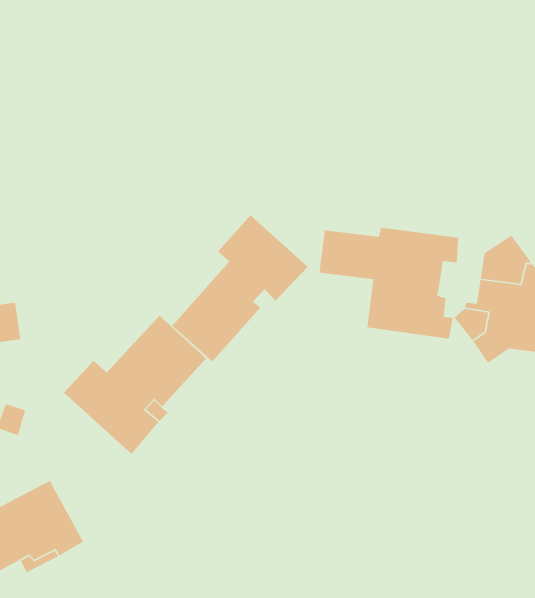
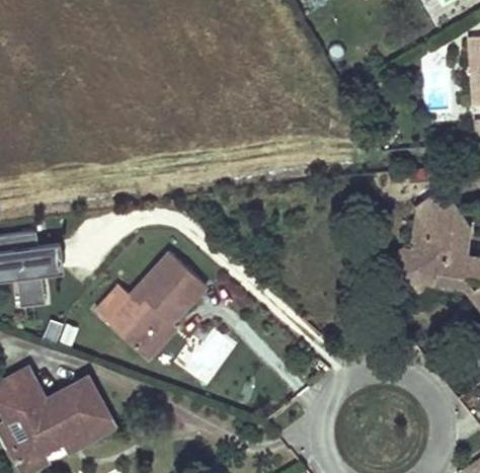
building: [172,214,309,362] -> none
building: [318,227,459,340] -> none

